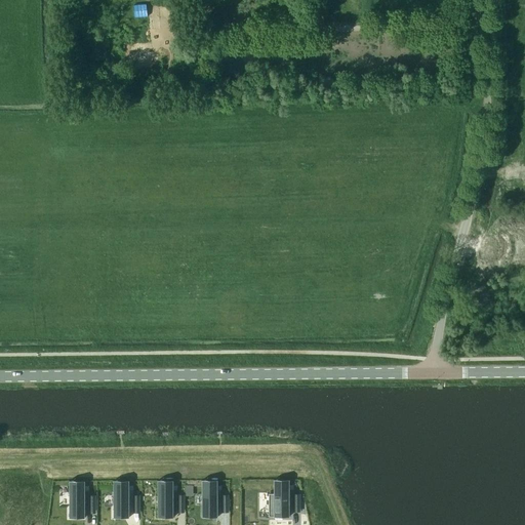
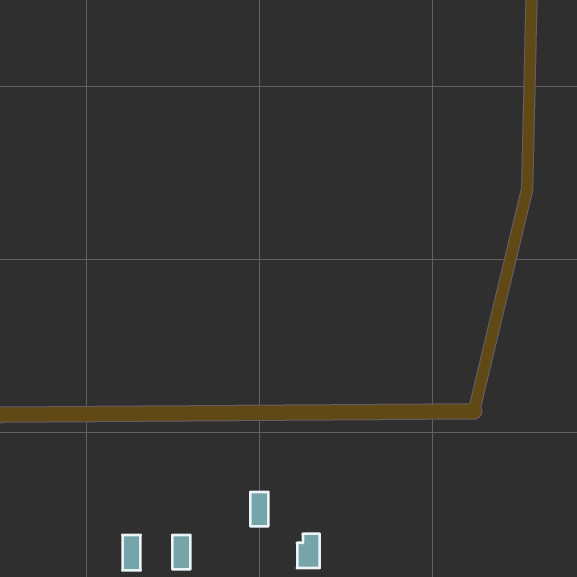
building: [203,484,219,515] -> [250,492,268,526]
building: [67,485,83,516] -> none

